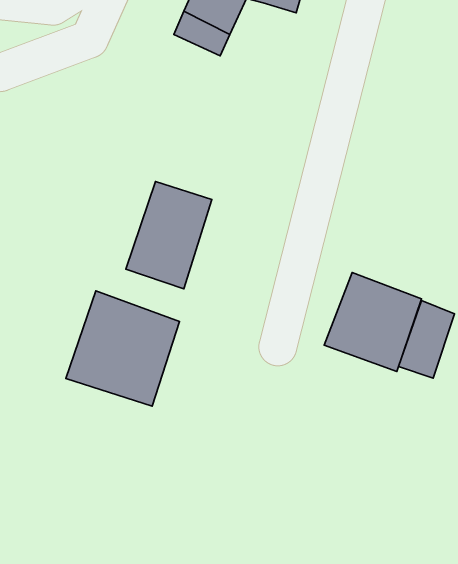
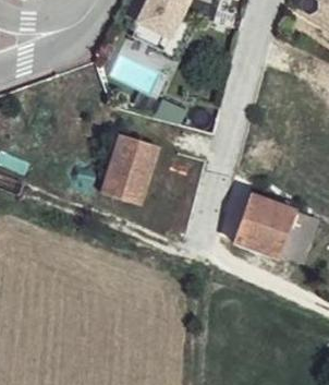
building: [66,291,180,406] -> none

